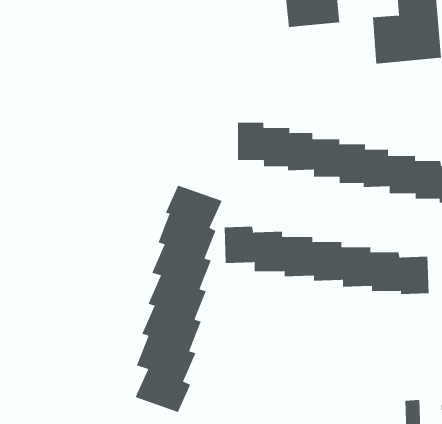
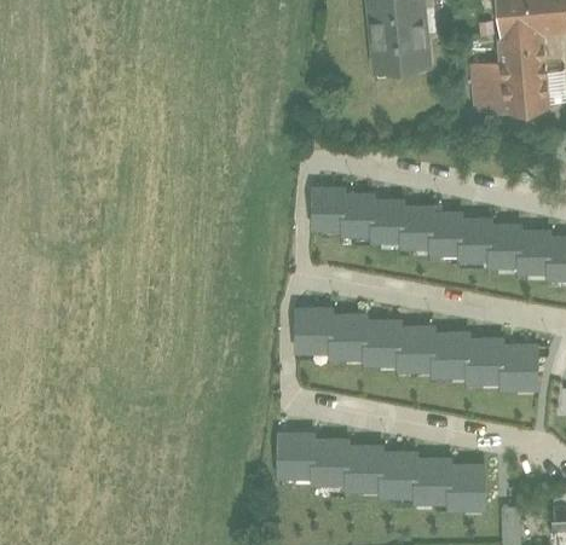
building: [135,185,222,413] -> none
building: none -> [281,431,484,511]

